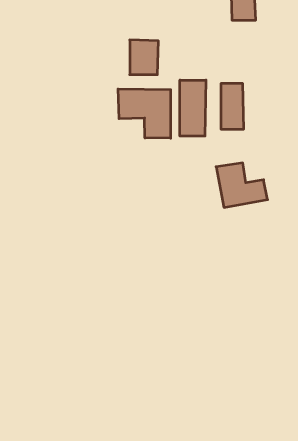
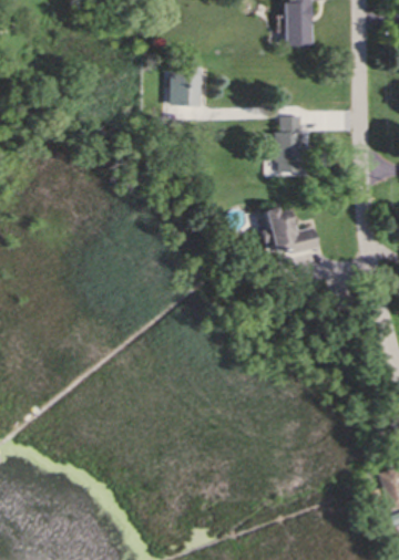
building: [180,80,206,136] -> none
building: [118,89,171,138] -> none

